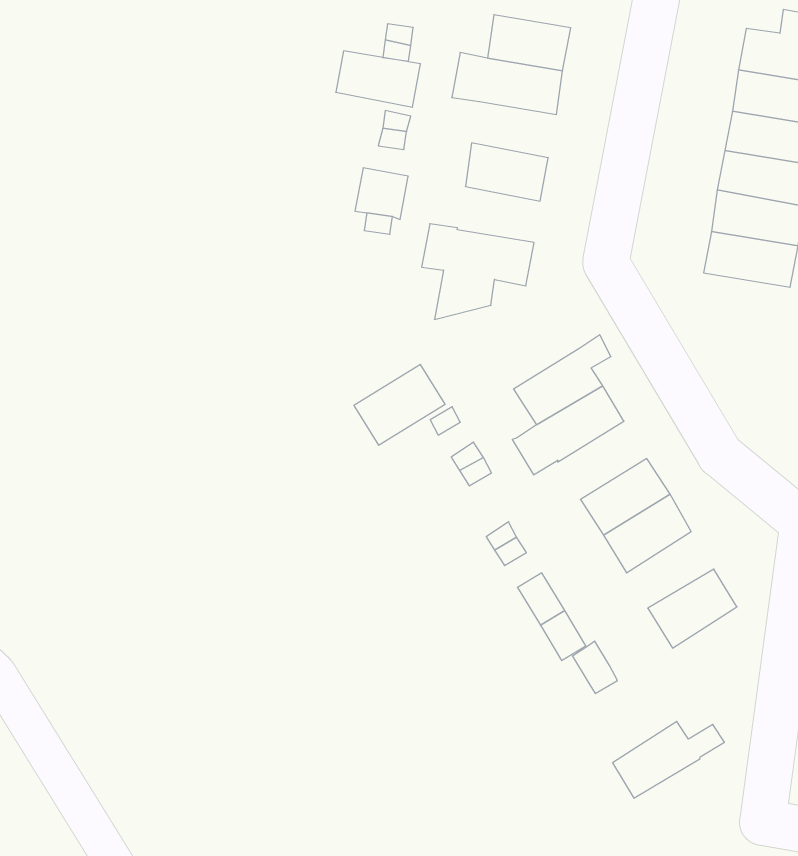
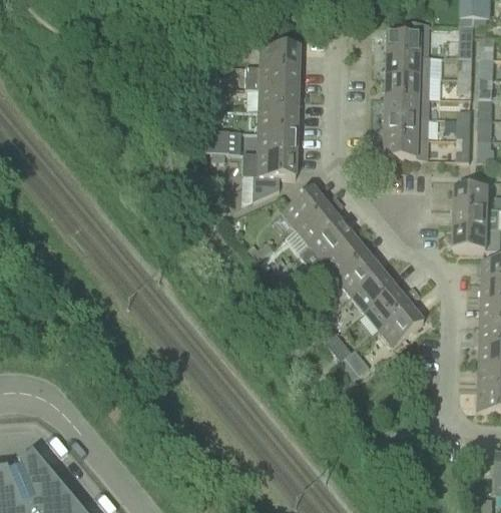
building: [336,51,421,107] -> [258,86,298,109]
building: none -> [257,129,296,152]
building: [354,364,445,445] -> [281,183,326,226]
building: none -> [323,234,367,277]
building: [613,721,724,798] -> [365,284,419,326]

